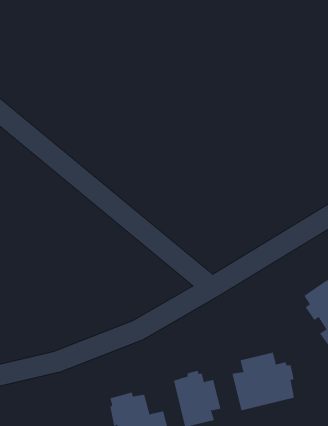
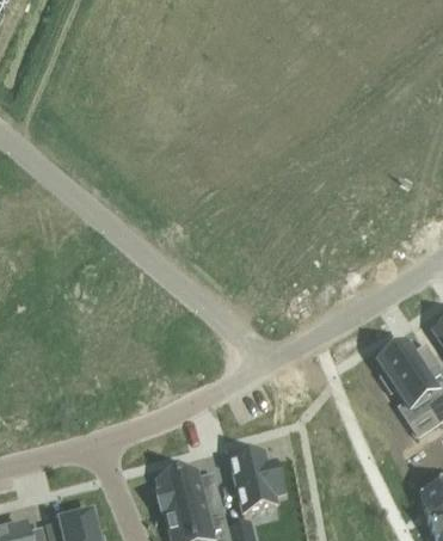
building: [232,352,294,411] -> none

